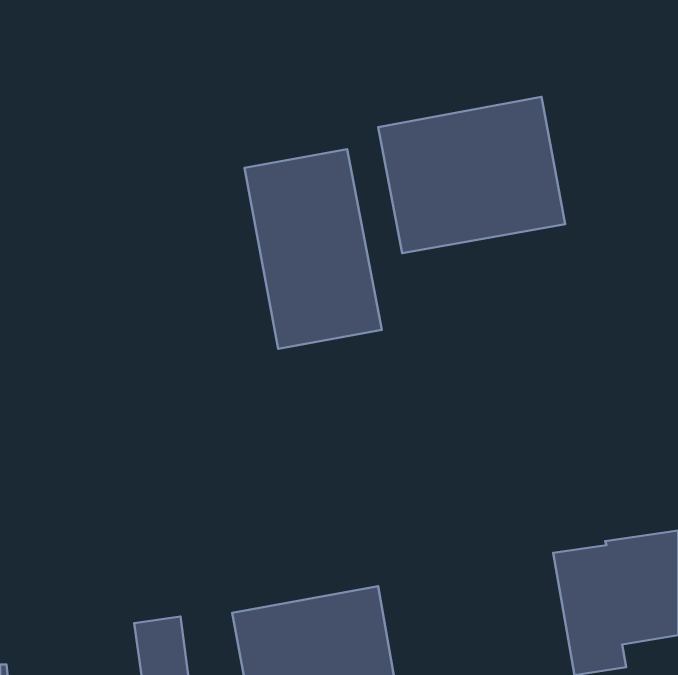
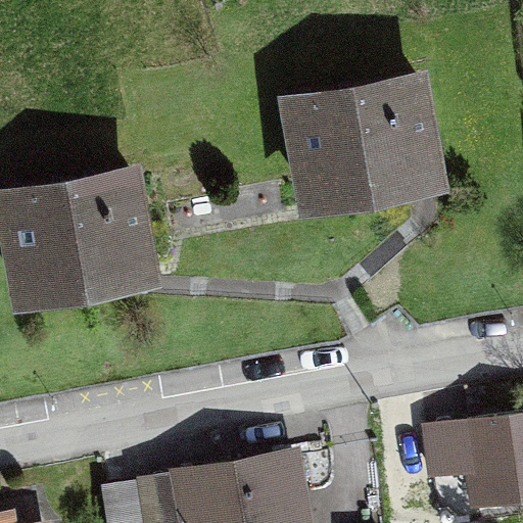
building: [245,149,382,349] -> none
building: none -> [4,171,148,291]

